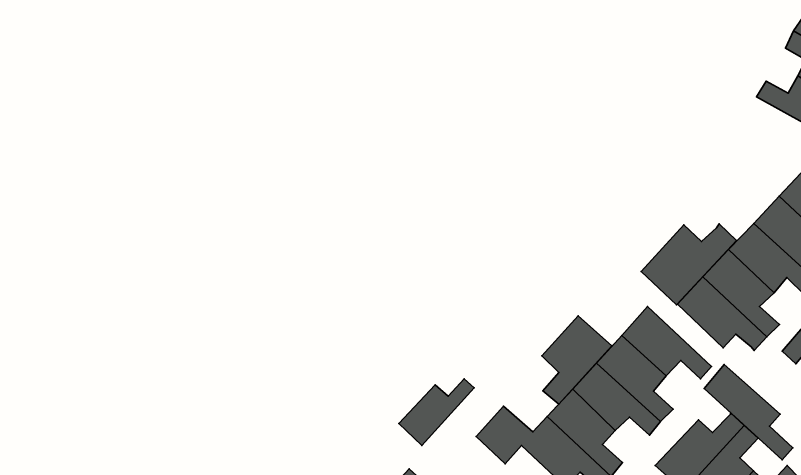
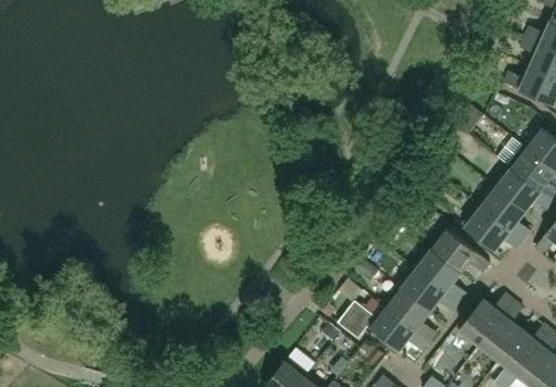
building: [641,224,737,305] -> none
building: [542,316,612,404] -> none
building: [704,364,793,460] -> none
building: [399,379,474,445] -> none

